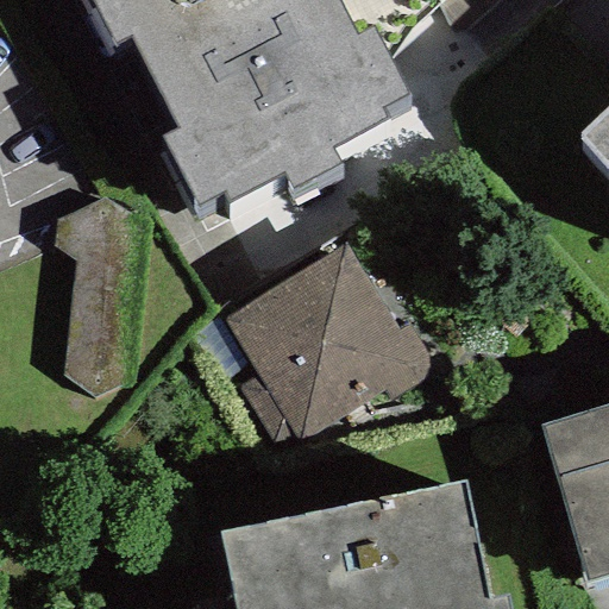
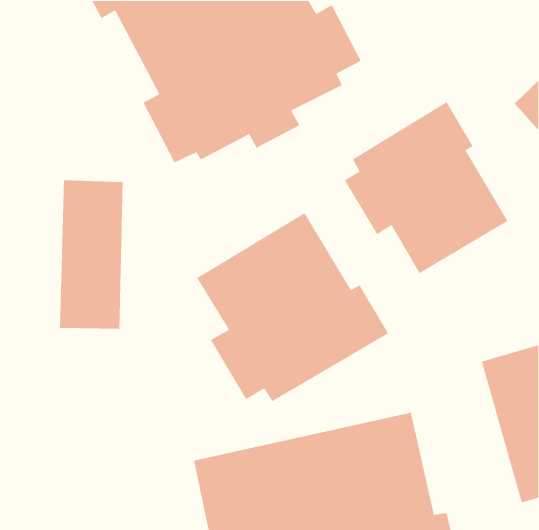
building: none -> [344,101,508,274]

